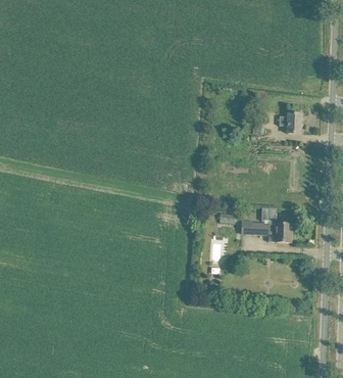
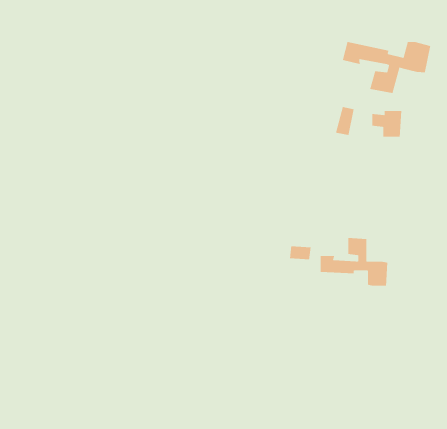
building: none -> [342,41,431,94]

